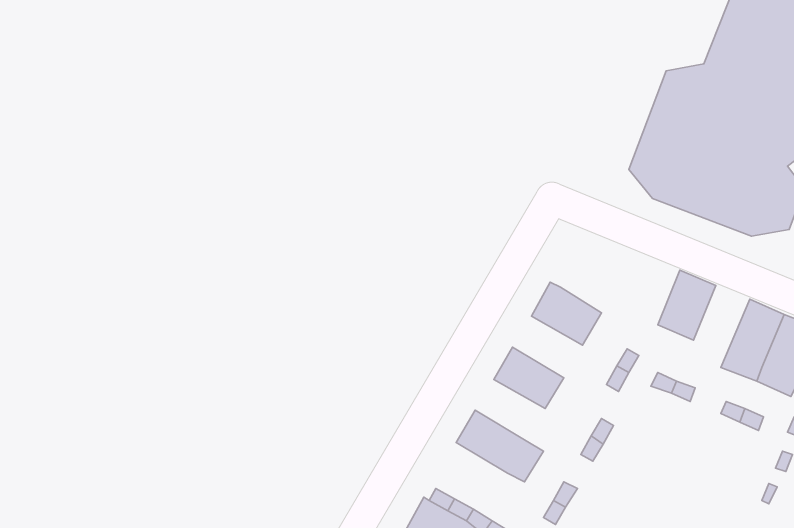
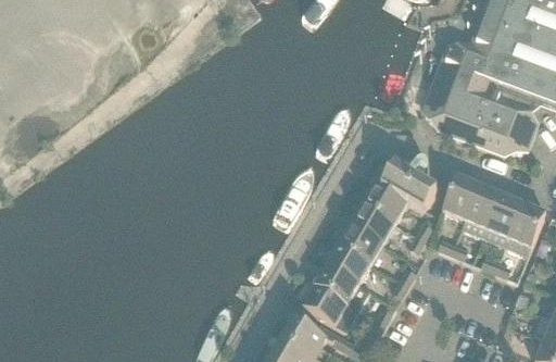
building: none -> [380,163,435,211]
building: none -> [462,184,501,236]
building: none -> [350,203,394,242]
building: none -> [326,244,370,283]
building: none -> [301,284,357,330]

